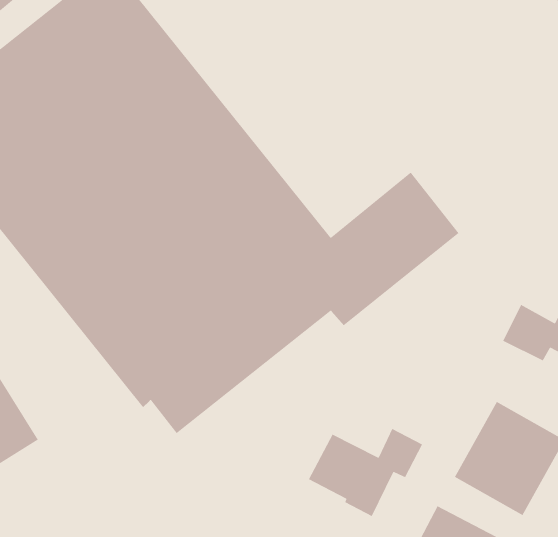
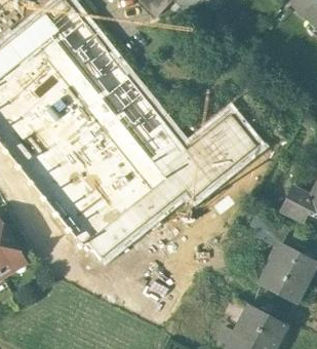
building: [308,428,423,517] -> none

